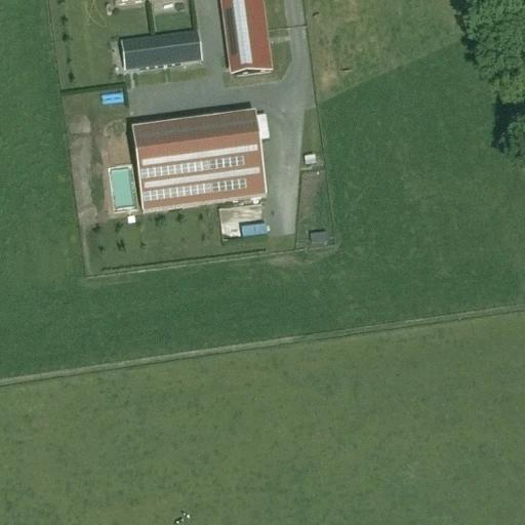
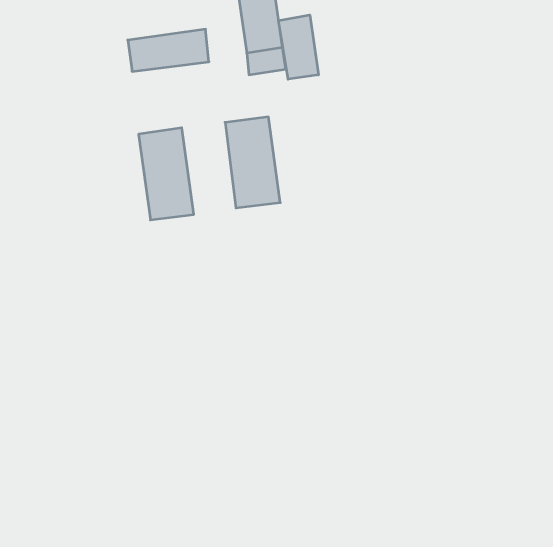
building: none -> [279,15,318,79]
building: [172,116,224,203] -> none

